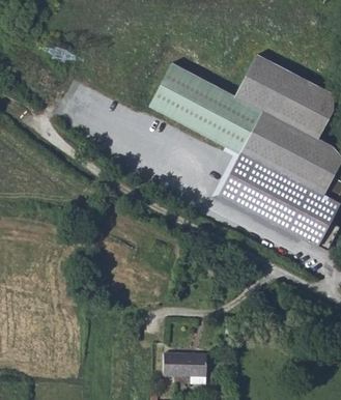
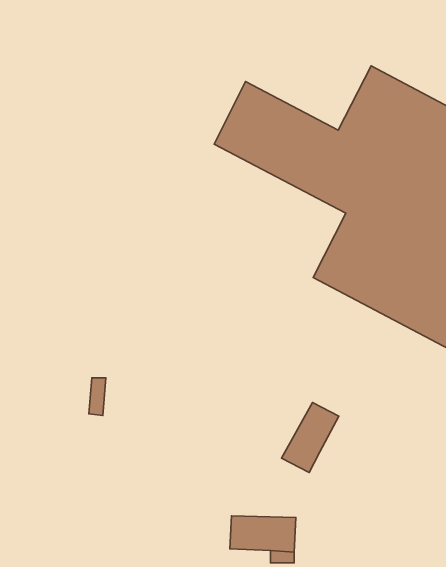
building: none -> [282,402,339,473]

